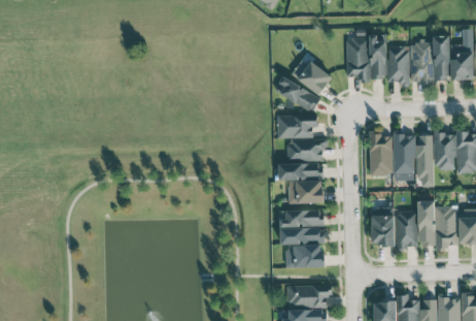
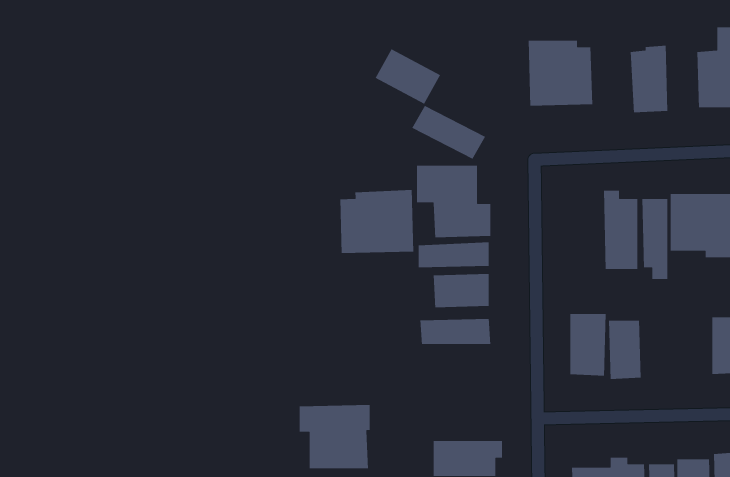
building: [433,36,449,81] -> none
building: [387,46,409,84] -> none
building: [291,58,332,93] -> [375,48,441,105]
building: none -> [340,189,414,254]
building: [369,130,393,175] -> none
building: [417,200,458,251] -> none
building: [280,227,325,267] -> [299,404,370,469]

